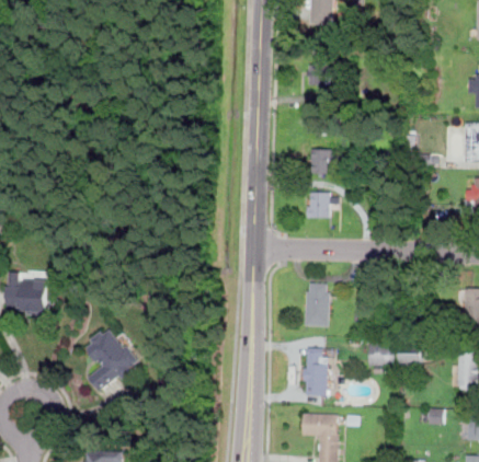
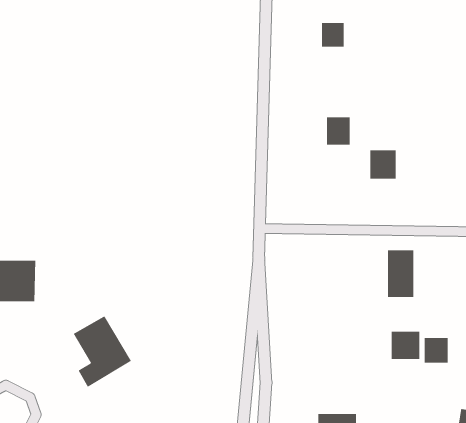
building: [306,192,330,218] -> [370,150,396,179]
building: [305,284,329,326] -> [387,250,414,297]
building: [304,348,327,395] -> none

